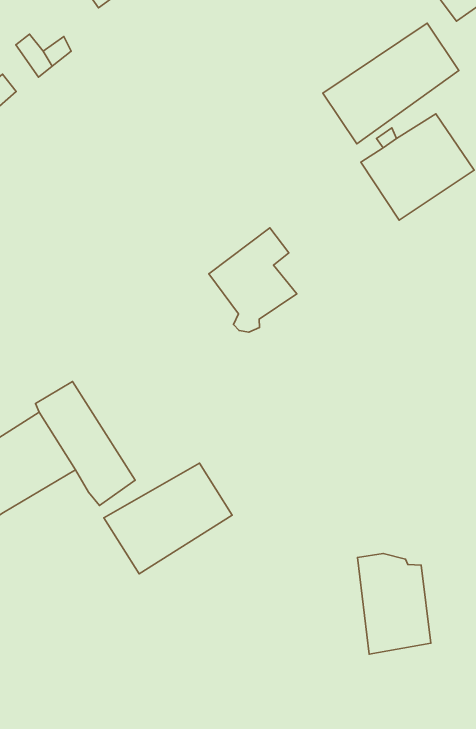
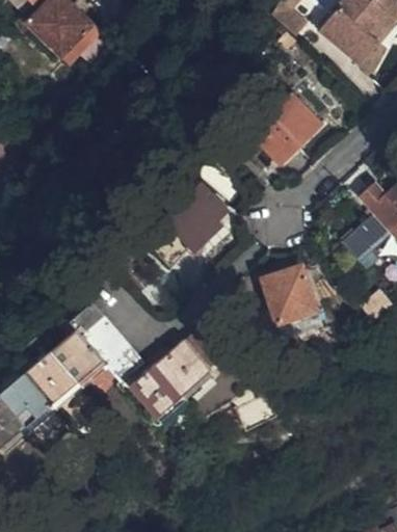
building: [323,23,459,144] -> none
building: [358,554,431,654] -> [265,271,320,336]

